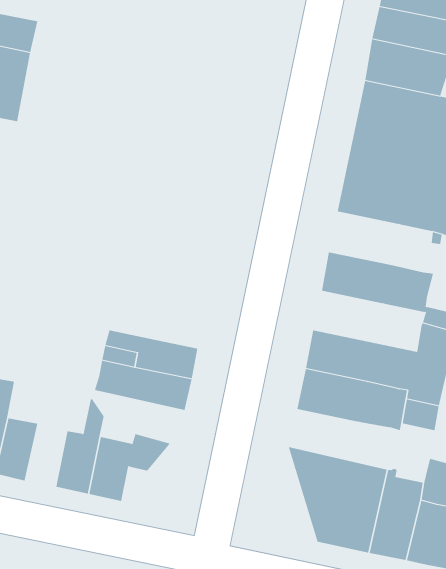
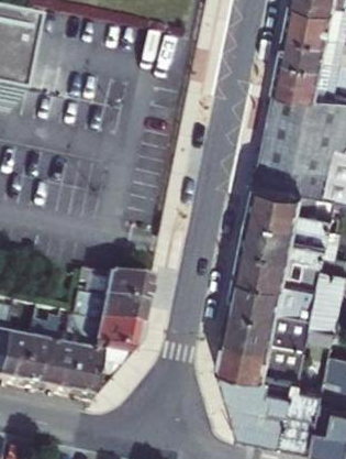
building: none -> [250,173,333,220]
building: none -> [238,233,321,280]
building: none -> [20,299,60,383]
building: none -> [71,309,142,350]
building: none -> [220,324,305,370]

